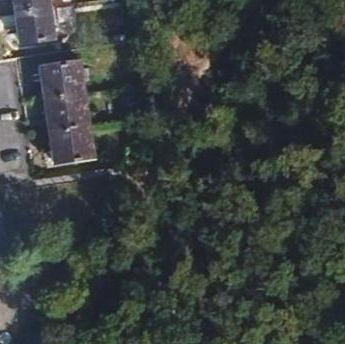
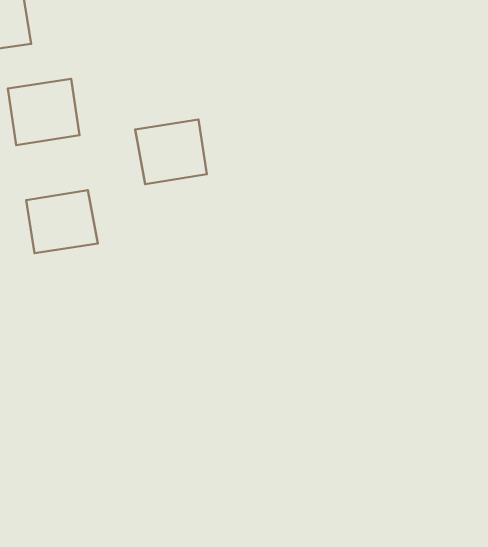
building: [44,93,87,132] -> [135,119,207,184]

